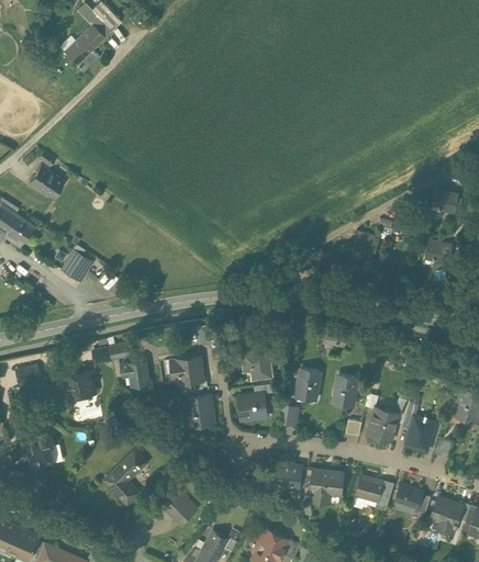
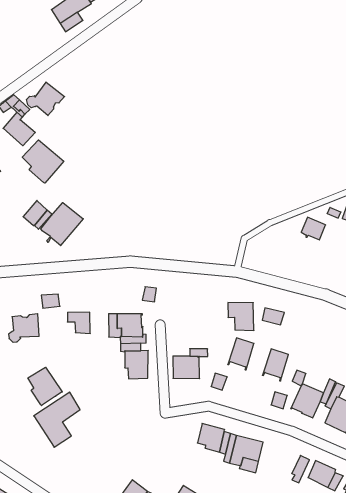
building: none -> [27,82,65,116]
building: none -> [22,140,64,183]
building: none -> [41,203,83,246]
building: [241,348,271,379] -> [228,303,254,330]
building: none -> [28,367,62,406]
building: [355,474,382,501] -> none
building: [155,485,197,525] -> none

